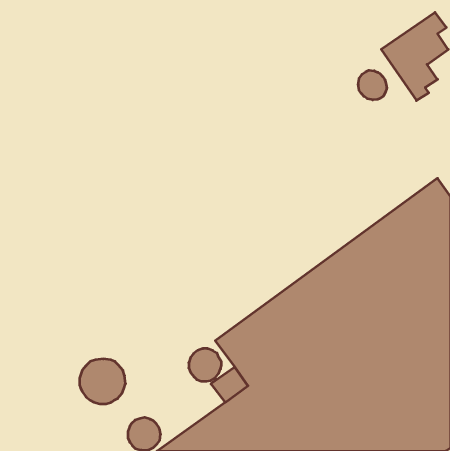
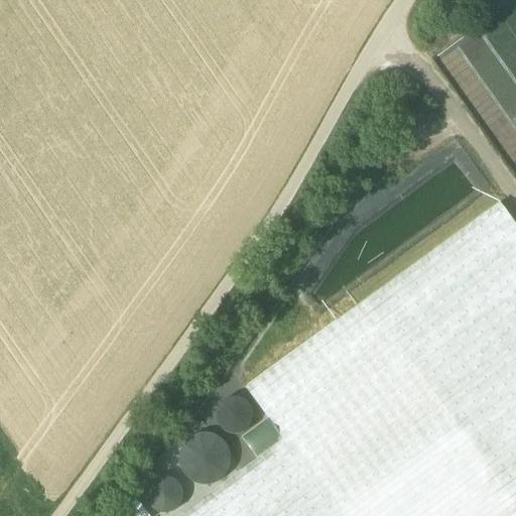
building: [358,70,387,100] -> none
building: [80,359,126,404] -> [179,434,232,486]

